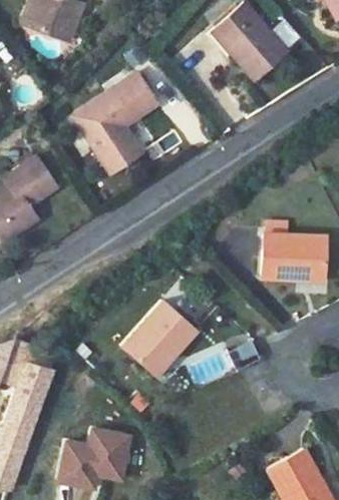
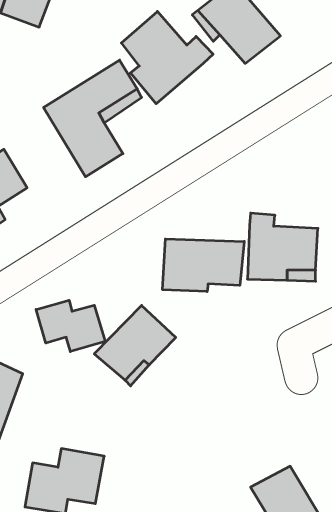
building: none -> [121,11,213,104]
building: none -> [163,239,244,292]
building: none -> [36,300,105,352]

